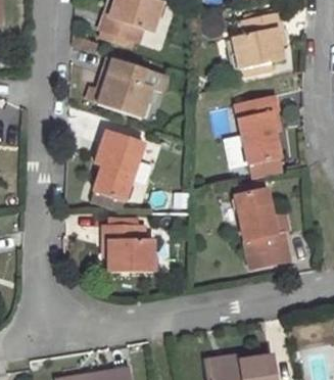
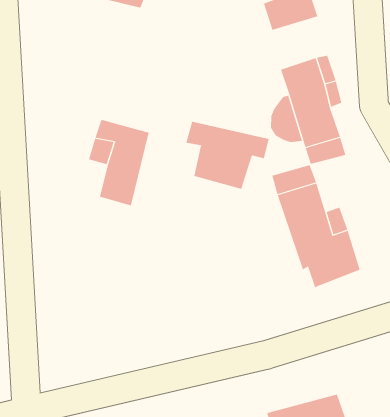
building: [104,56,170,112] -> [185,121,269,190]
building: [95,217,149,267] -> none

